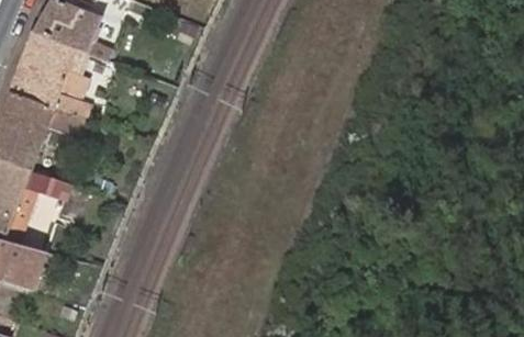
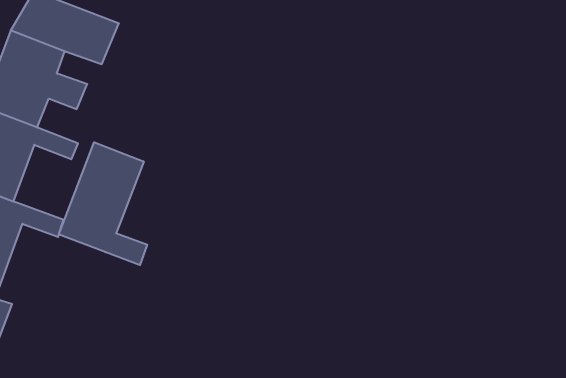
building: none -> [59,142,147,265]

